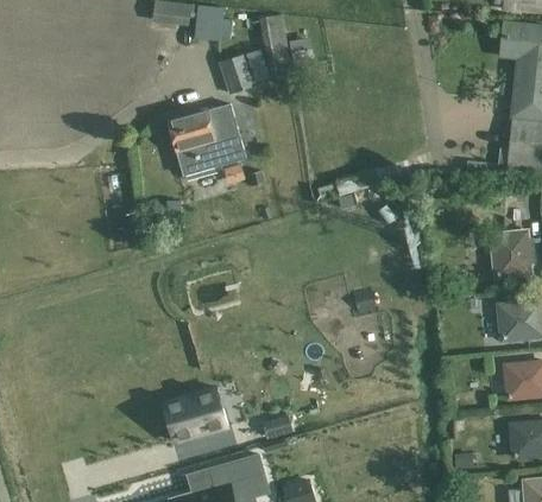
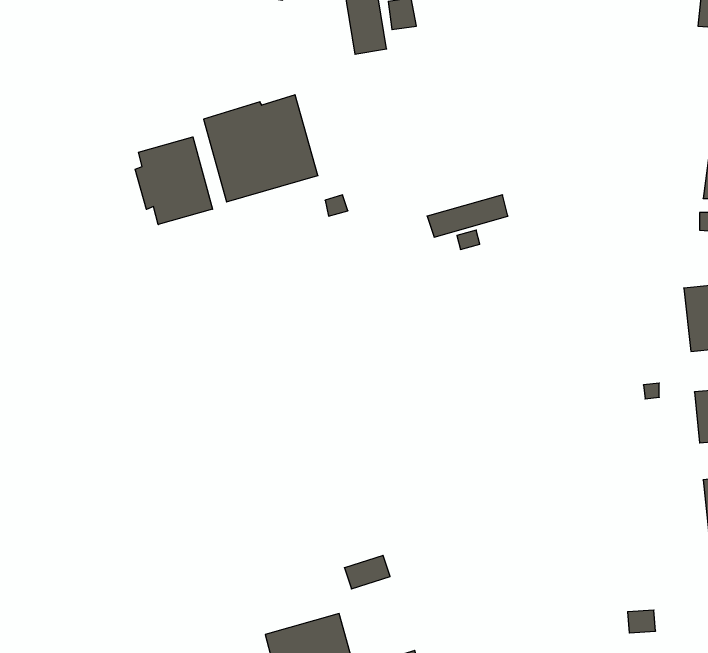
building: [218,53,256,95] -> none
building: none -> [135,137,213,225]
building: [163,388,227,441] -> none

